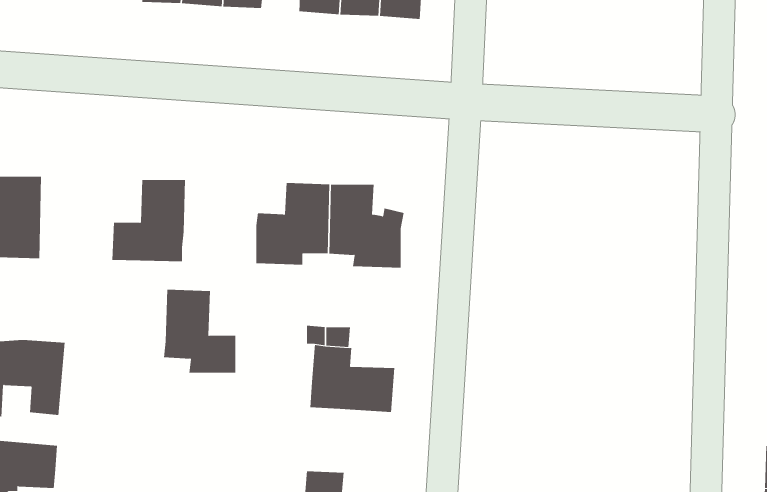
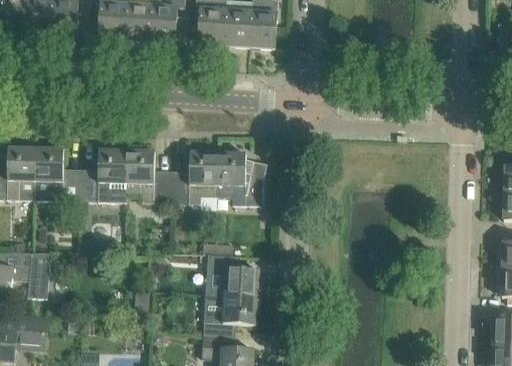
building: none -> [35,147,81,200]
building: [163,289,236,373] -> [125,149,171,202]
building: none -> [203,293,257,334]

